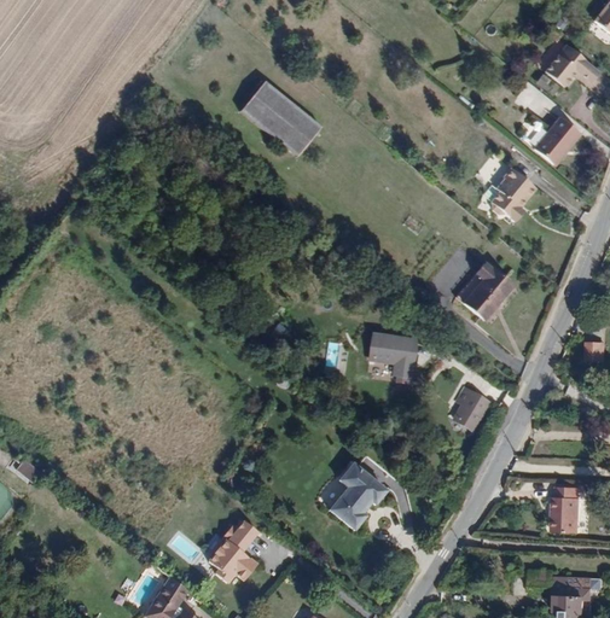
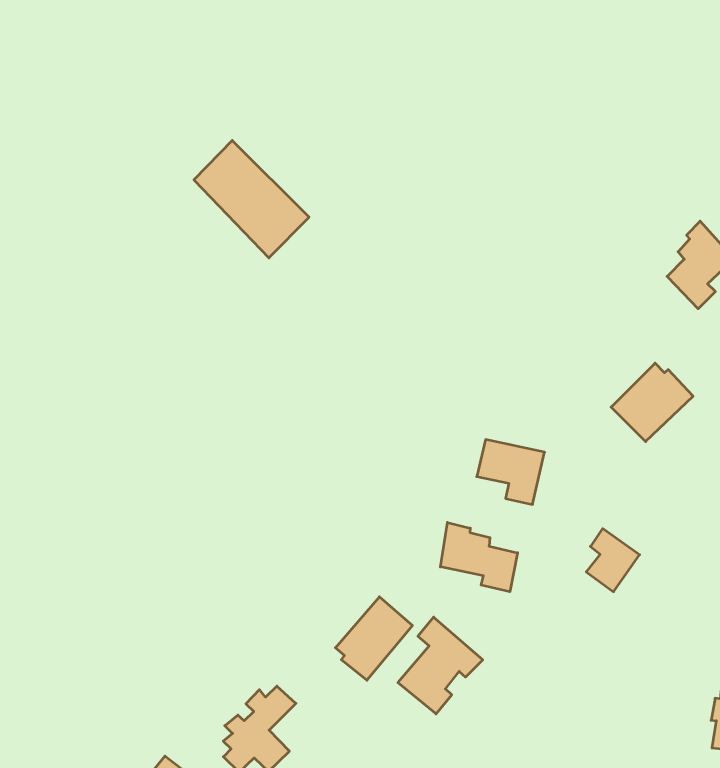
building: [243,80,326,159] -> [194,140,309,258]
building: none -> [440,522,518,592]
building: none -> [335,597,412,680]

